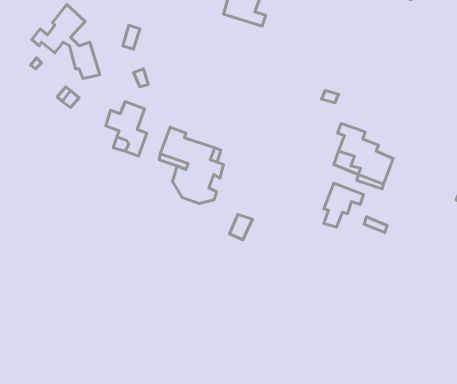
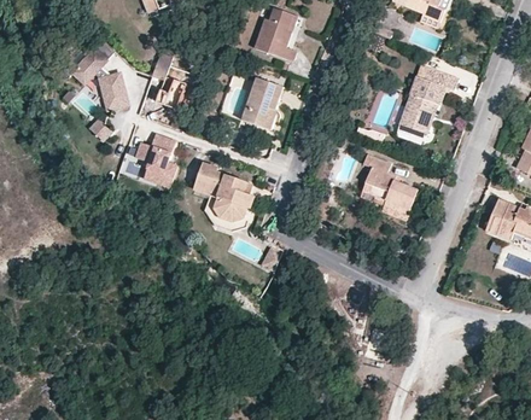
building: none -> [397,65,455,130]
building: none -> [243,76,281,128]
building: [324,183,364,227] -> none

